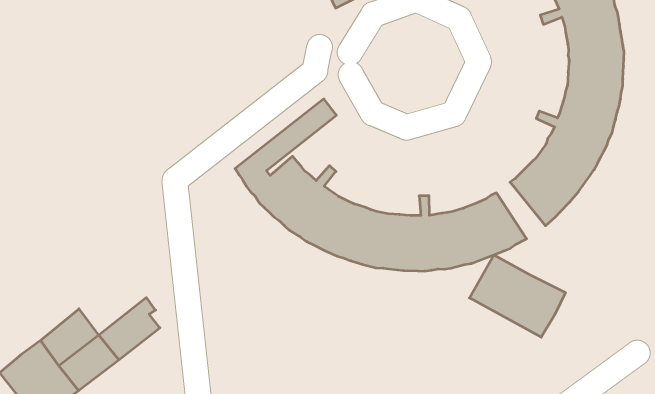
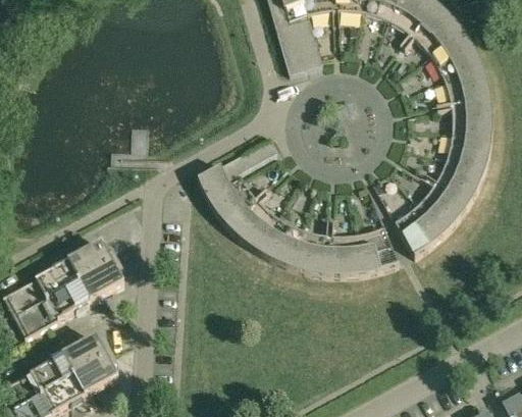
building: [469,255,565,337] -> none
building: none -> [67,243,117,281]

